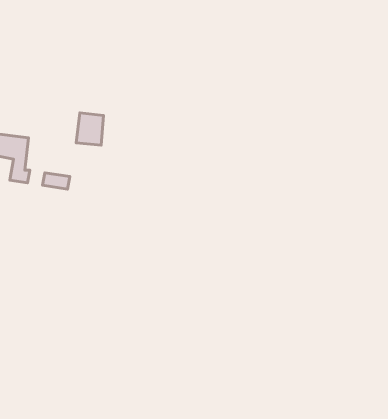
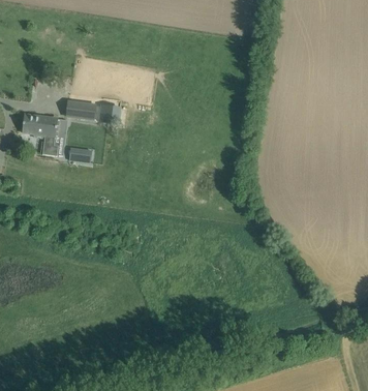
building: none -> [65,100,95,119]

